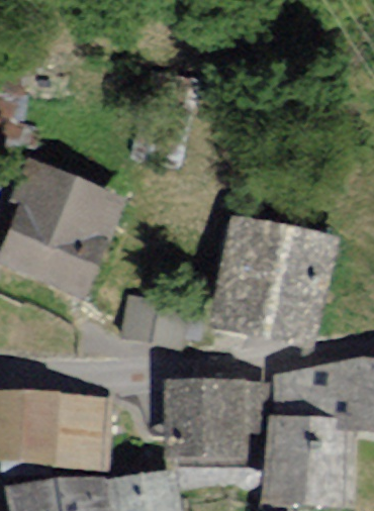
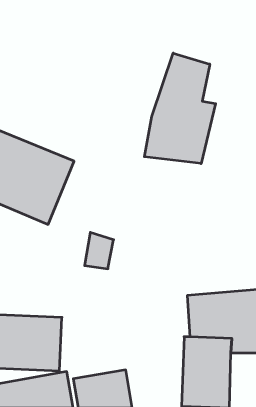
building: none -> [144,53,216,164]
building: [198,220,322,342] -> none
building: [159,381,256,453] -> none

